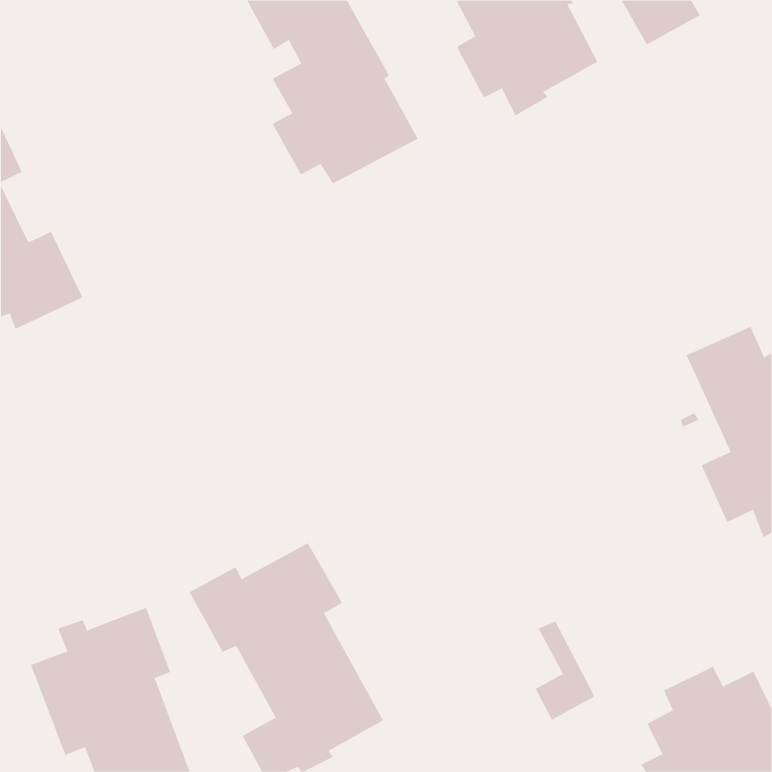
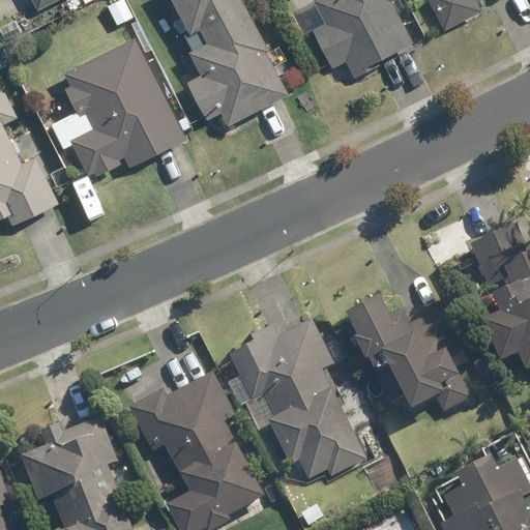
building: none -> [71,38,192,177]
building: none -> [342,293,471,412]
building: none -> [229,320,364,478]

